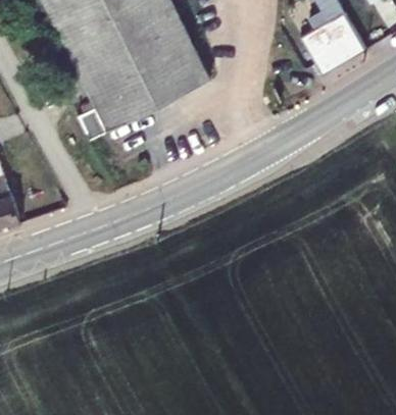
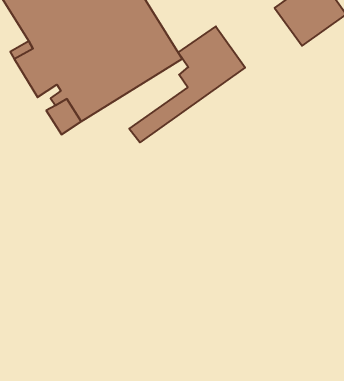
building: none -> [129,26,245,142]

